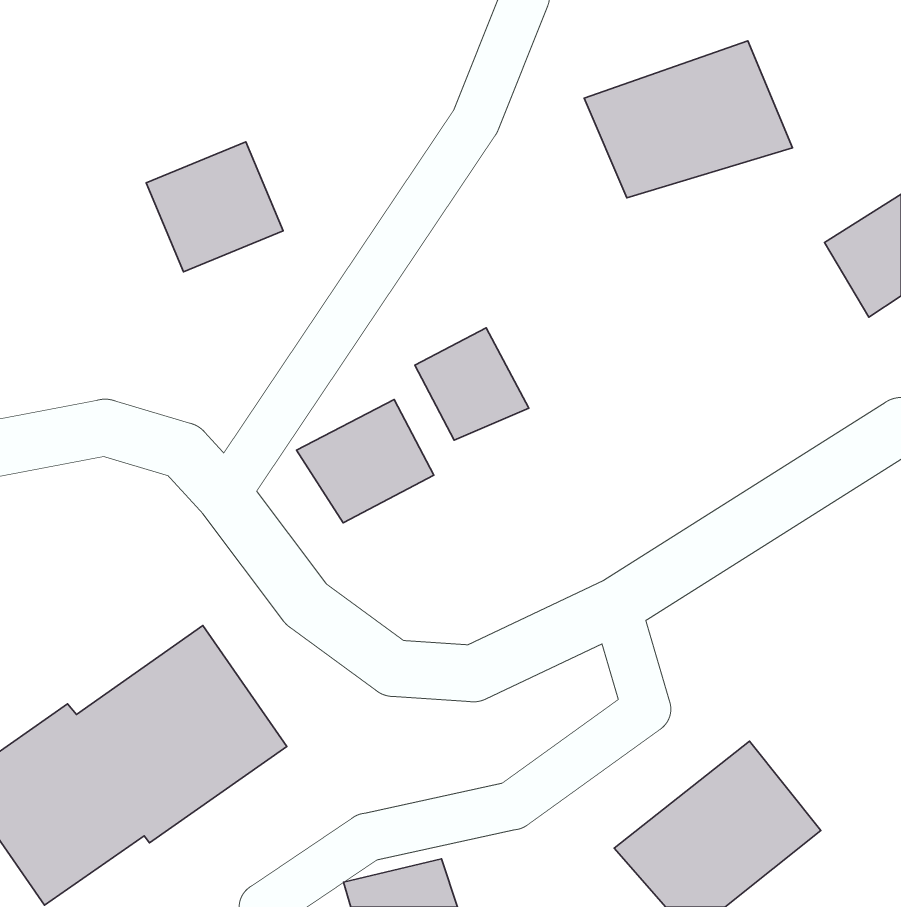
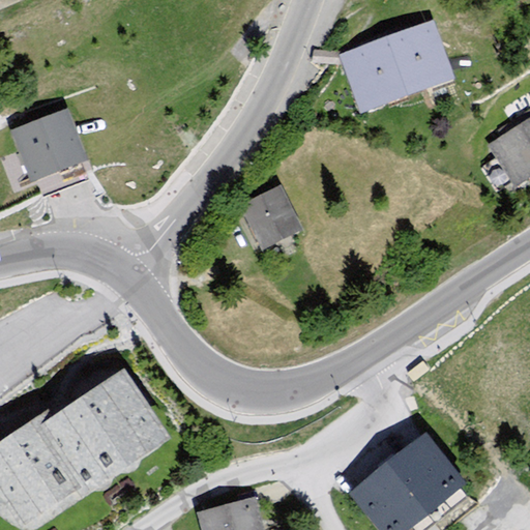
building: [146,142,283,272] -> [4,107,84,182]
building: [296,399,434,523] -> none

